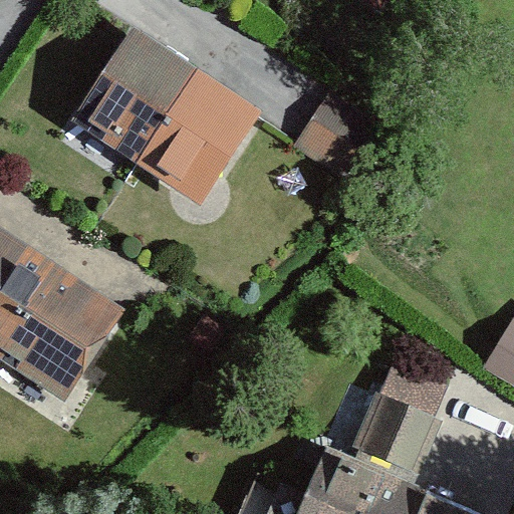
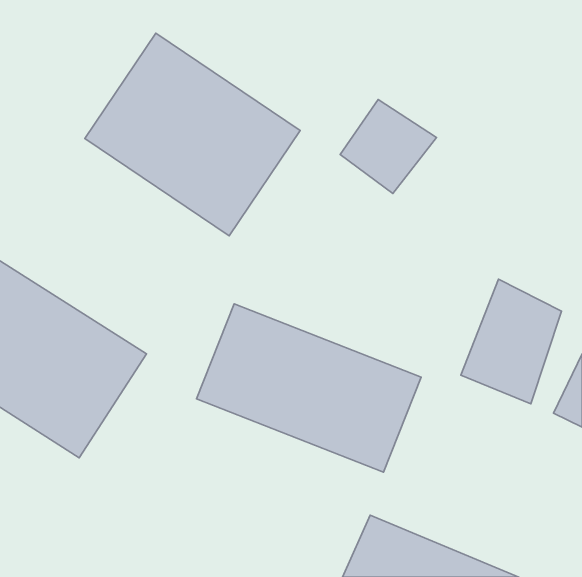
building: none -> [197,304,421,472]
building: [356,352,445,462] -> [461,279,562,404]

